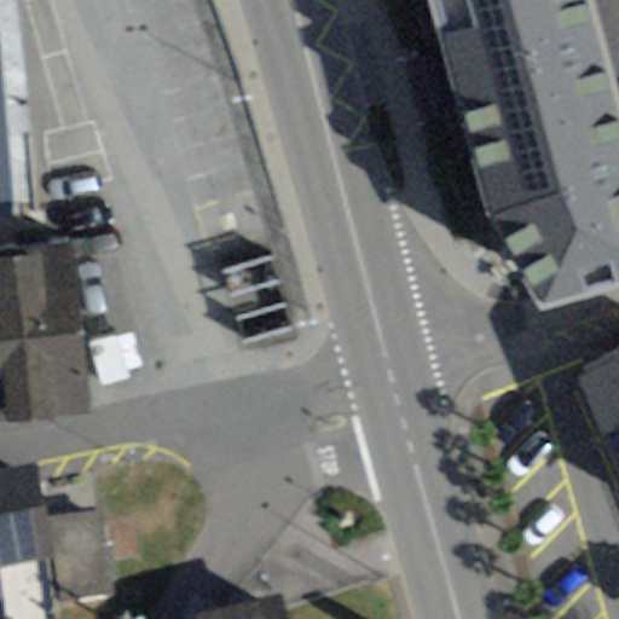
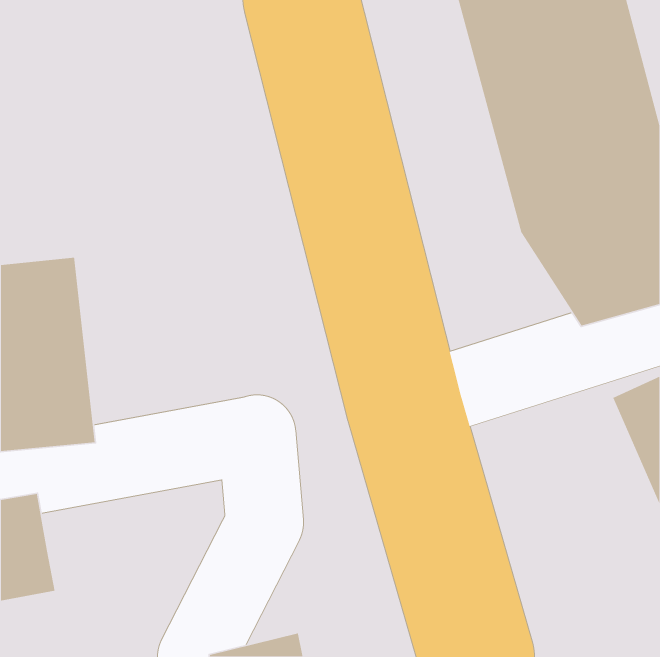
building: [45,509,110,601] -> none

